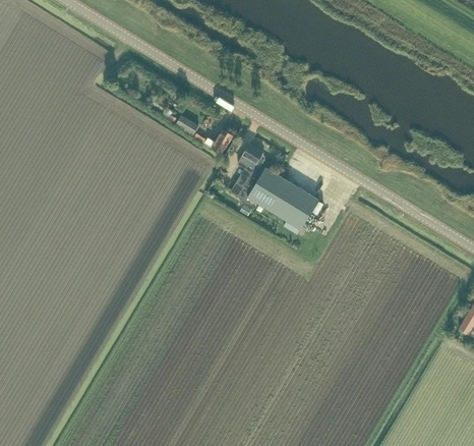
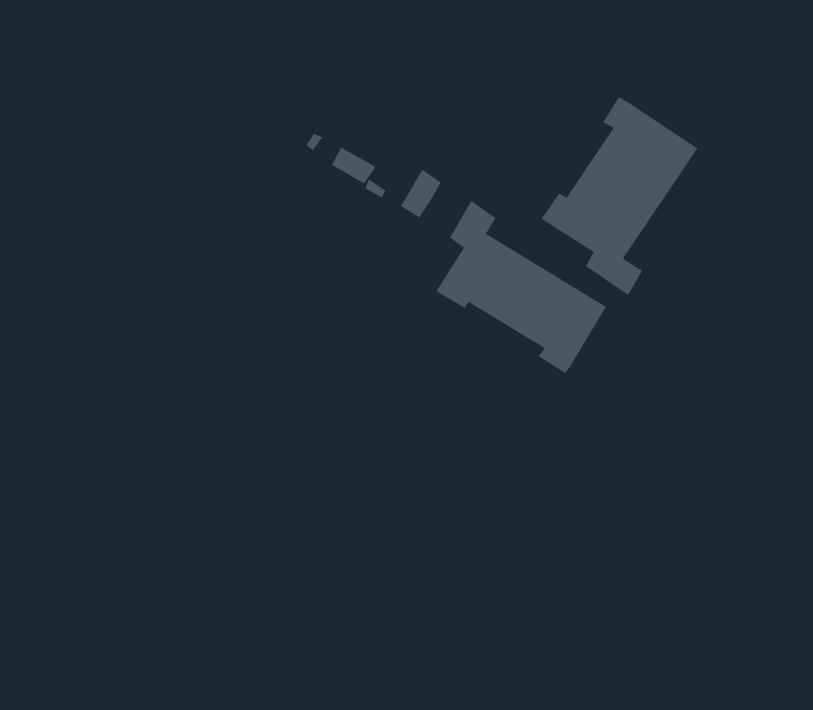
building: none -> [541,96,698,296]

